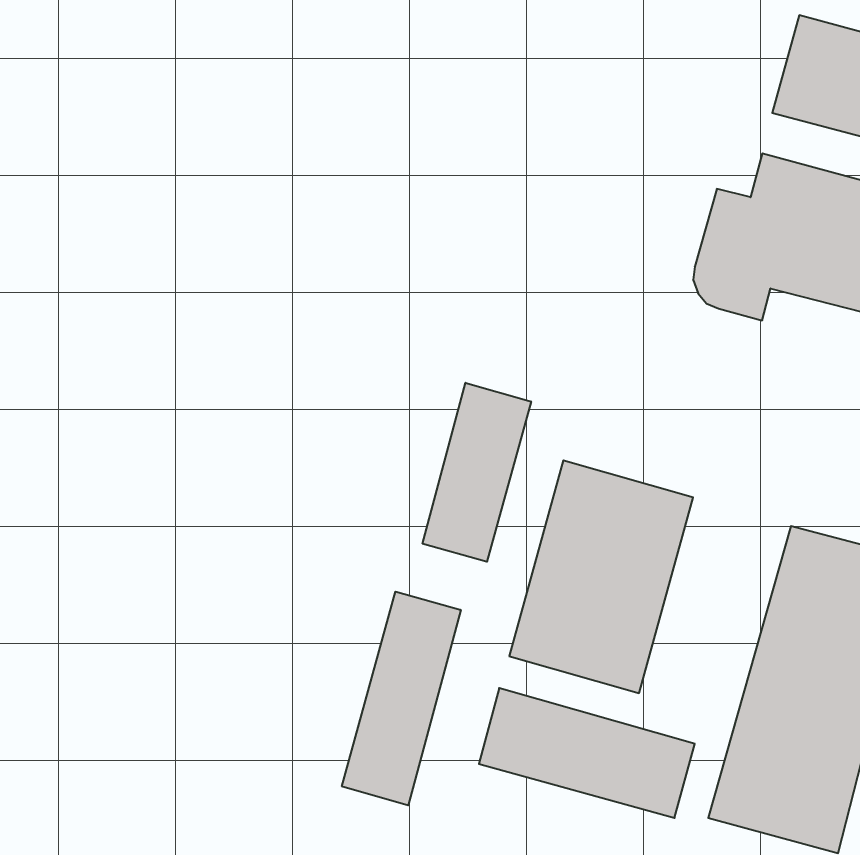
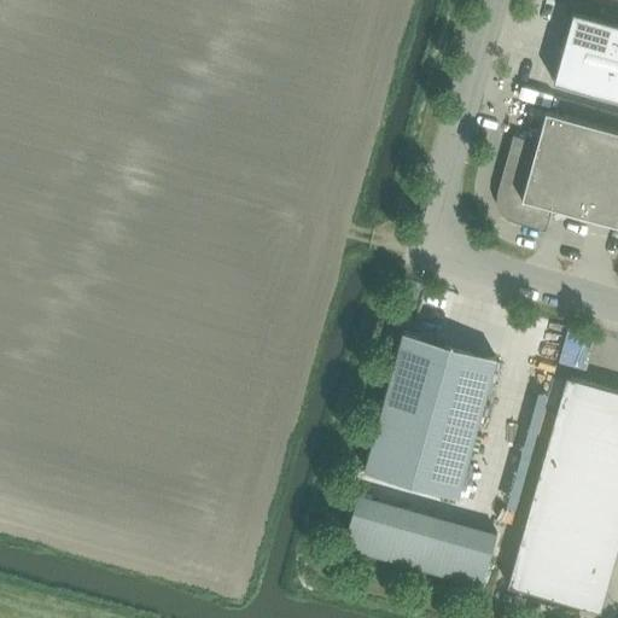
building: [423,383,531,562] -> none
building: [342,592,461,805] -> none

